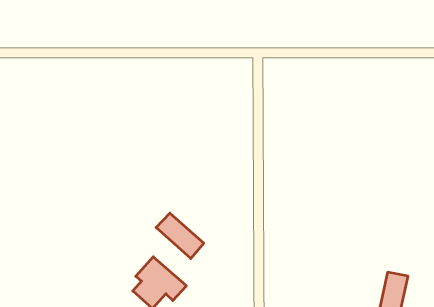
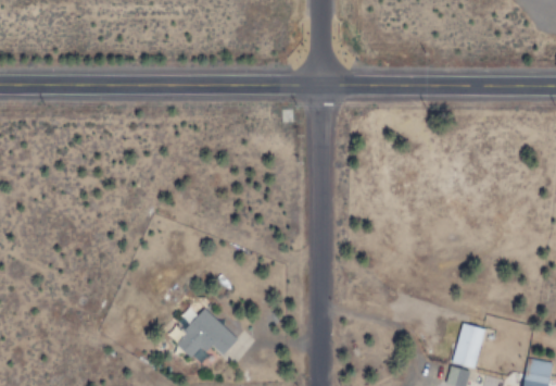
building: [156,213,204,259] -> none

